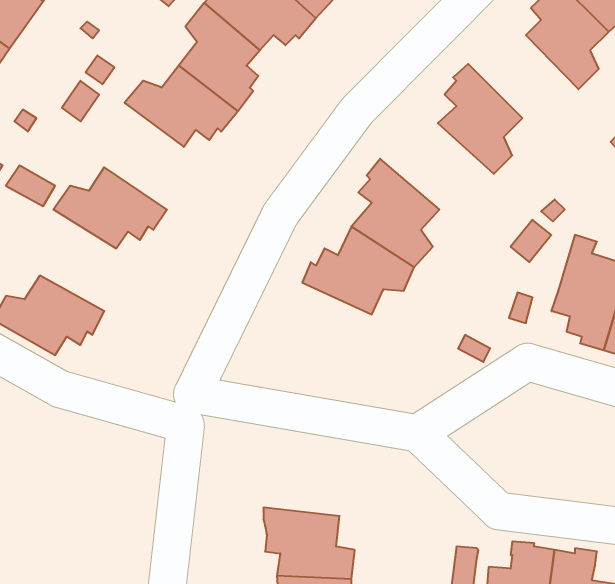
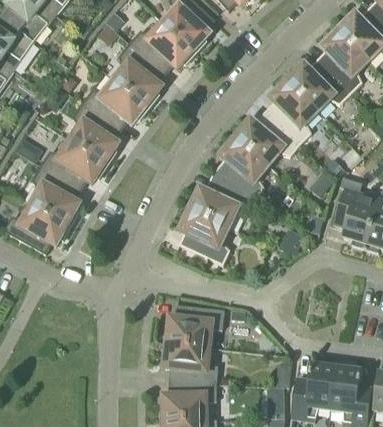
building: none -> [285,61,350,110]
building: none -> [70,101,118,164]
building: none -> [233,113,300,164]
building: none -> [32,164,79,224]
building: none -> [180,207,230,264]
building: none -> [164,304,224,345]

